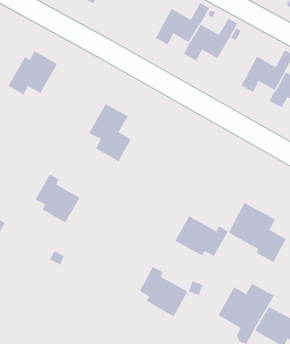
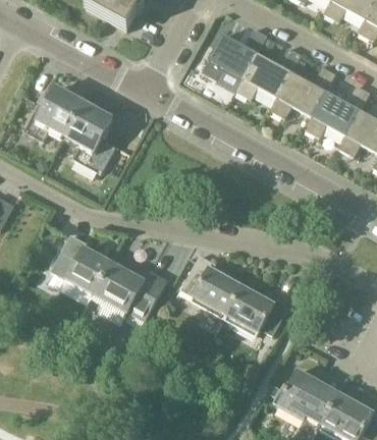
building: none -> [269,64,335,116]
building: [88,103,131,162] -> [63,101,115,171]
building: none -> [93,262,158,313]
building: [228,202,287,263] -> none
building: [139,266,188,317] -> [182,253,241,314]

